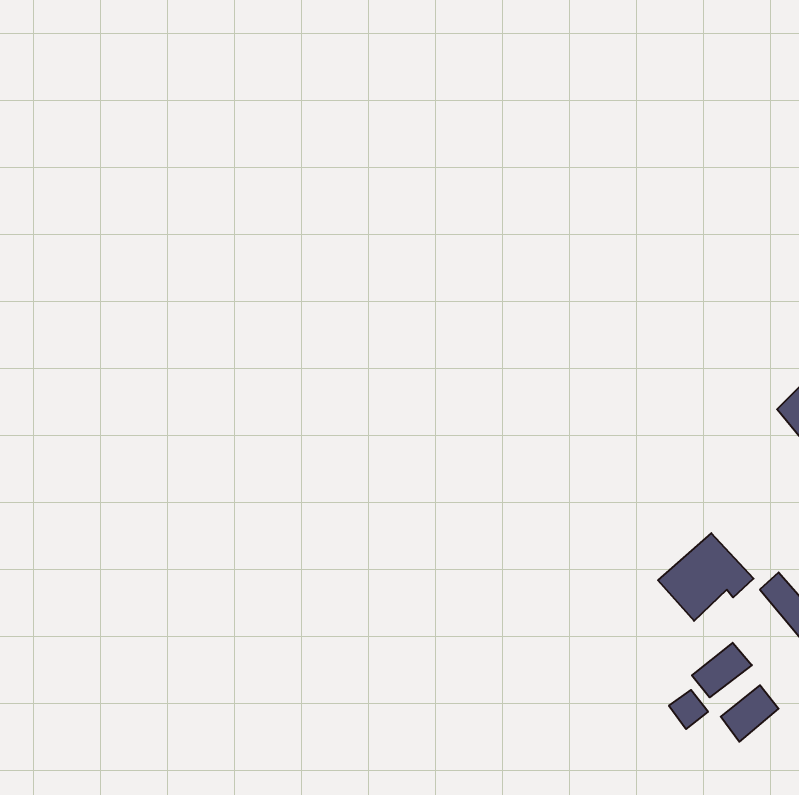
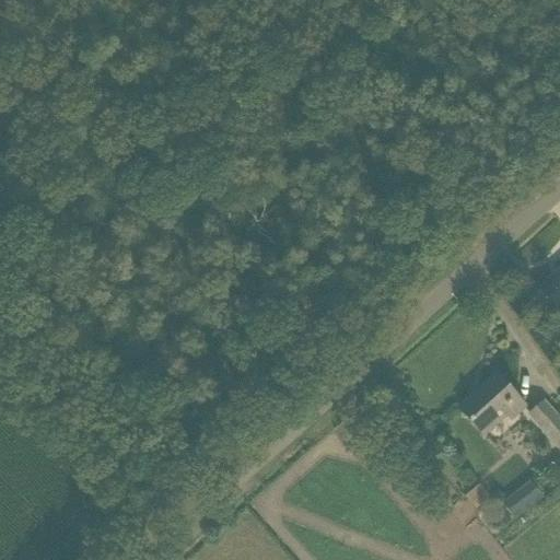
building: [692,643,752,697] -> none

